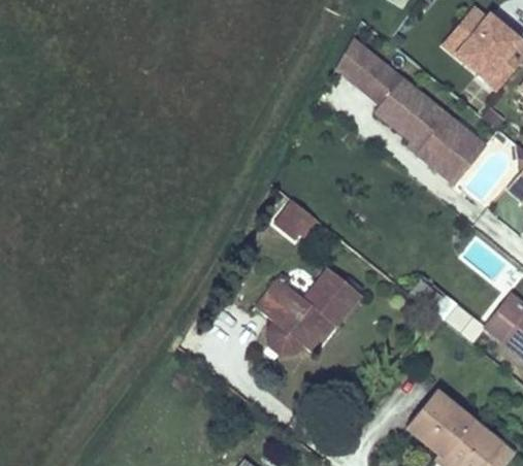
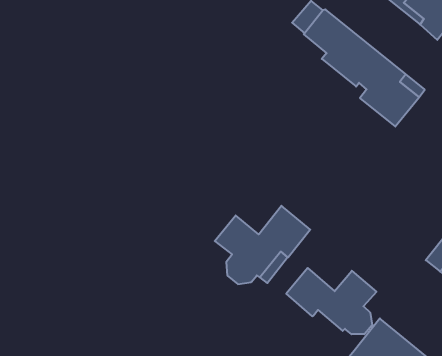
building: [276,199,317,239] -> none
building: none -> [286,268,376,334]

